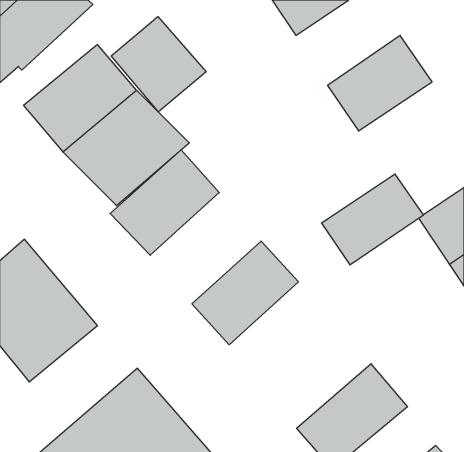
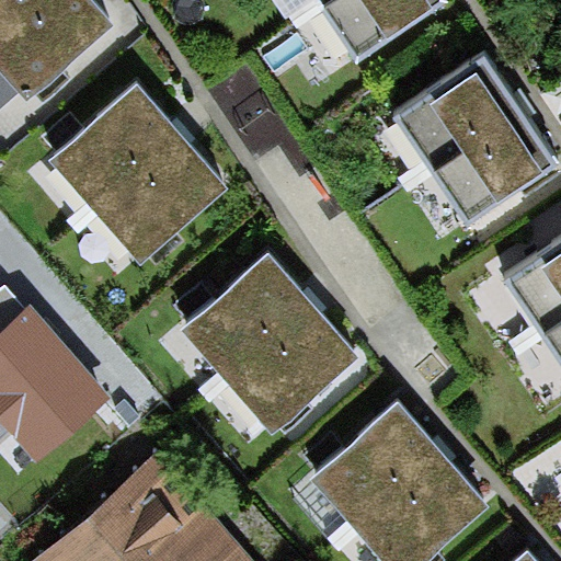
building: [111,17,206,112] -> none
building: [110,150,219,255] -> [183,254,314,381]
building: [321,174,423,265] -> [432,114,554,224]
building: none -> [311,400,447,531]

